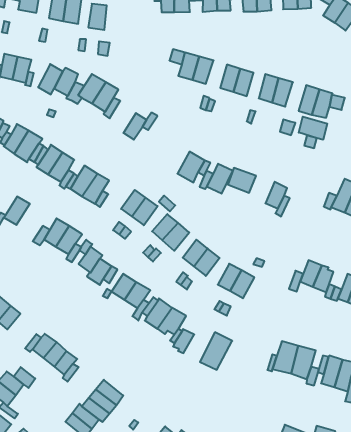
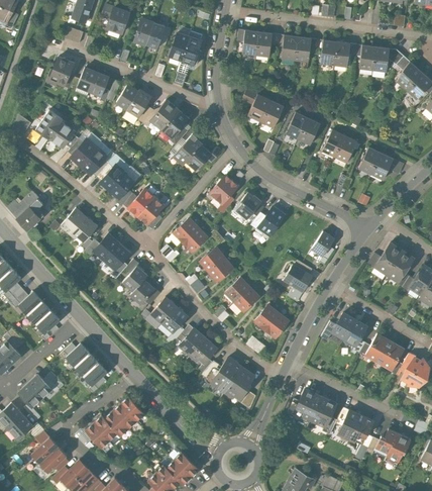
building: none -> [185,37,206,66]
building: none -> [173,133,203,167]
building: [299,117,327,140] -> none
building: none -> [208,173,239,205]
building: [228,168,256,193] -> [285,267,313,293]
building: none -> [70,216,98,242]
building: none -> [210,359,243,395]

